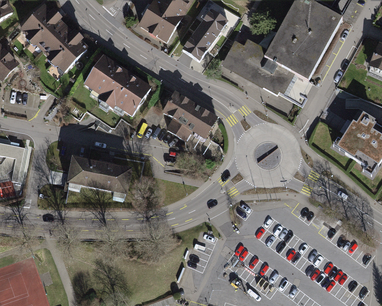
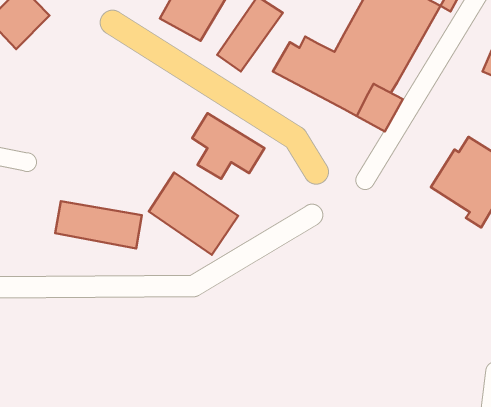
building: [38,24,83,69] -> none
building: [88,59,152,118] -> [149,173,238,255]

